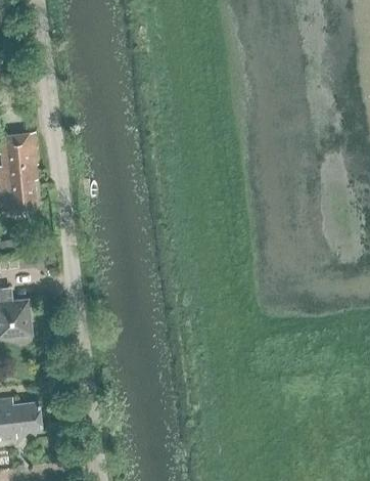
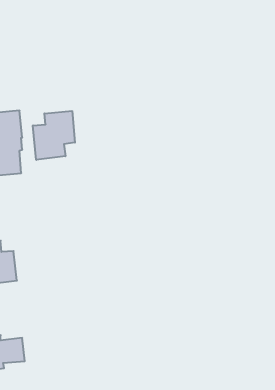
building: none -> [33,111,75,160]

